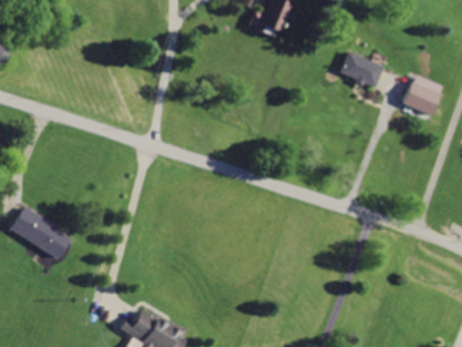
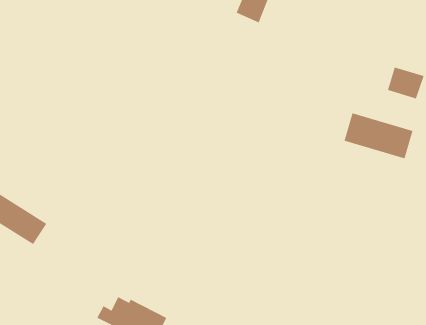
building: [339,49,388,90] -> none
building: none -> [344,113,413,159]

